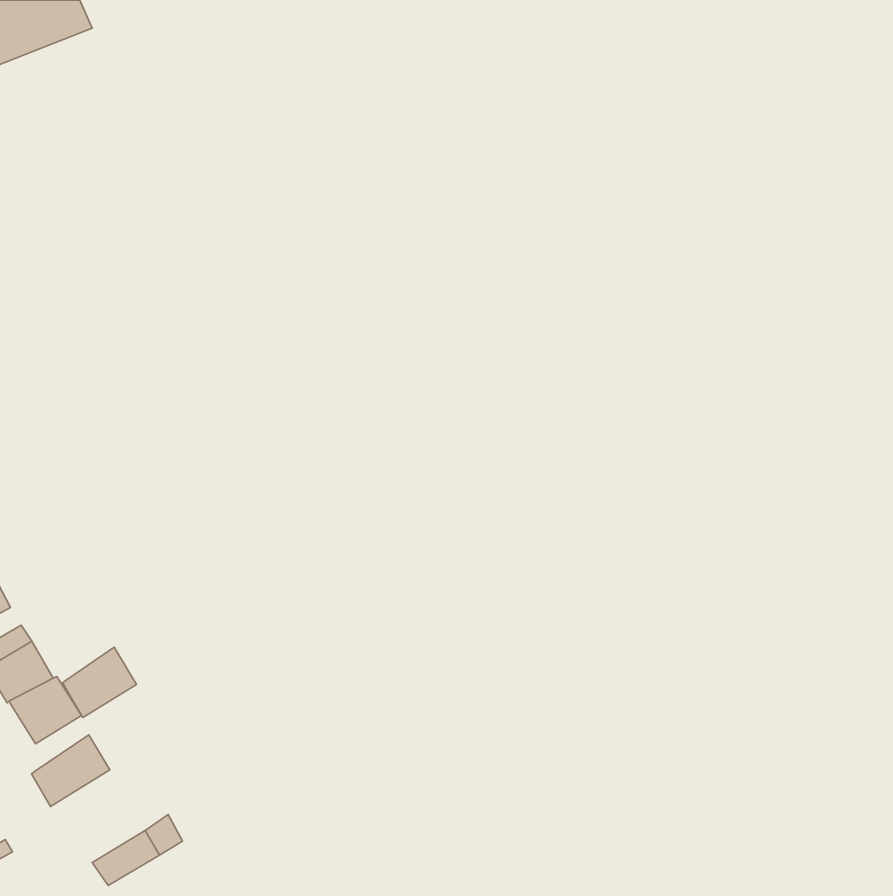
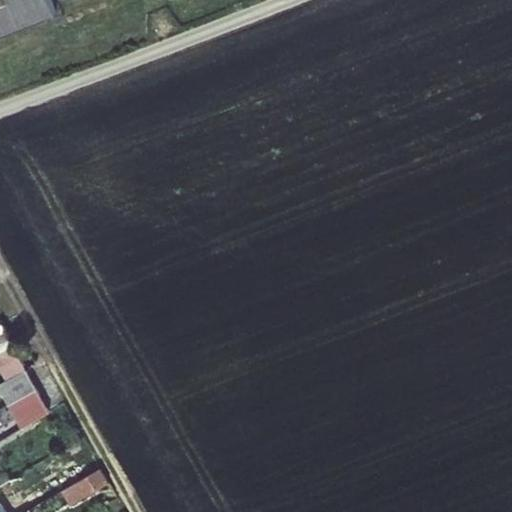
building: [62,647,137,718] -> none
building: [31,735,110,807] -> none

